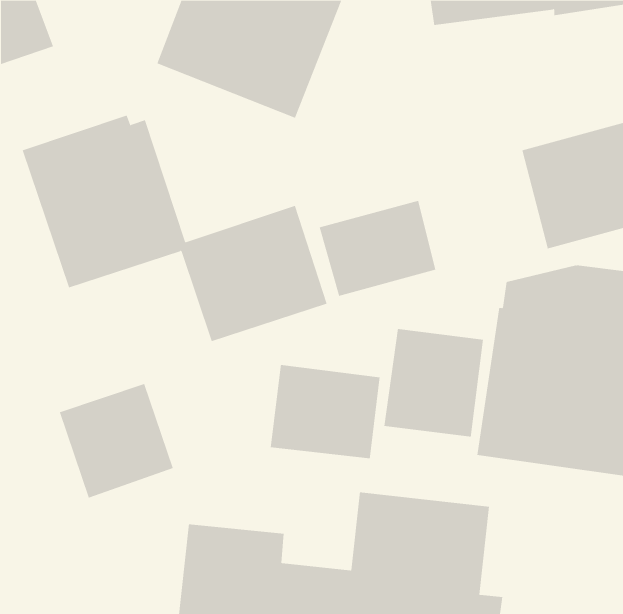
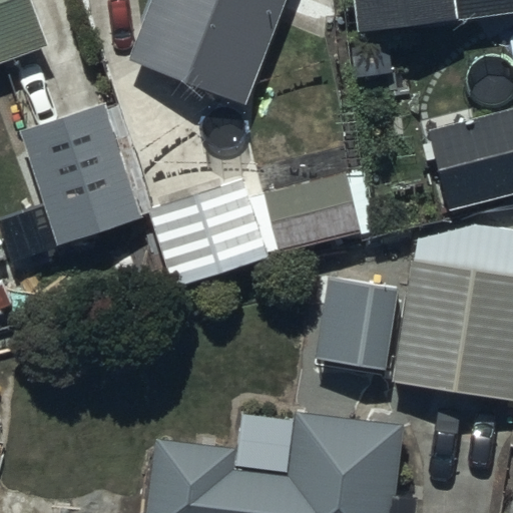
building: [270,364,380,459] -> none
building: [59,383,173,499] -> none

